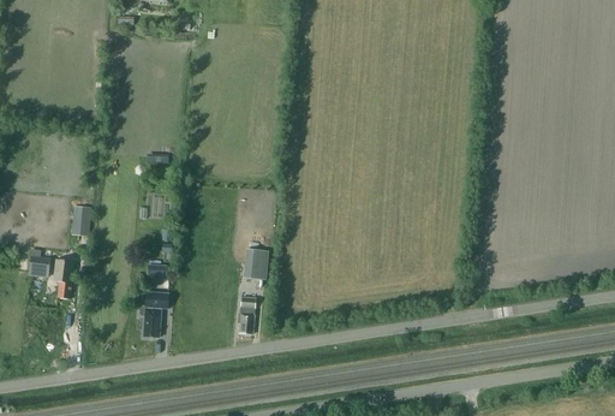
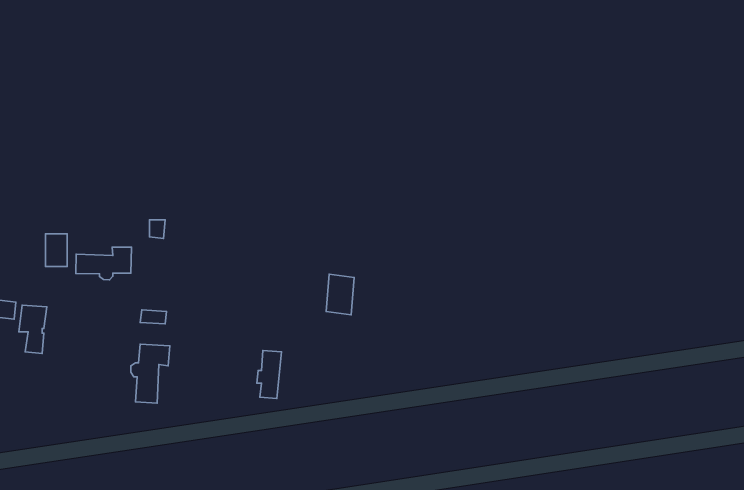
building: none -> [76,247,131,280]
building: [246,248,268,279] -> [326,274,354,315]

